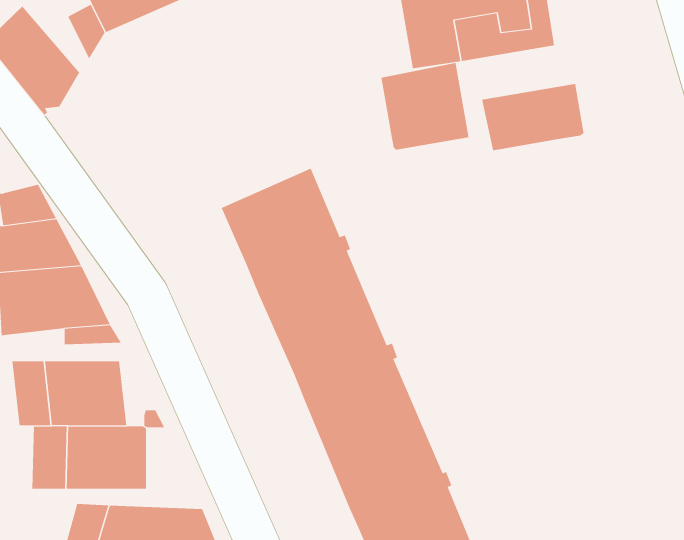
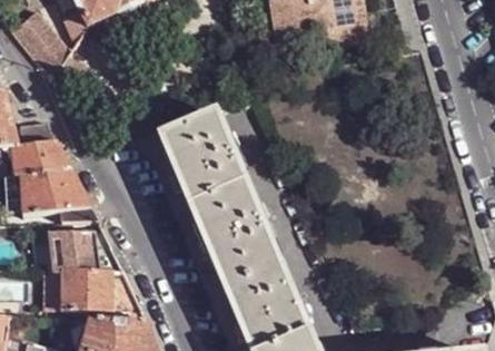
building: [381,62,469,151] -> none
building: [482,83,584,151] -> none

